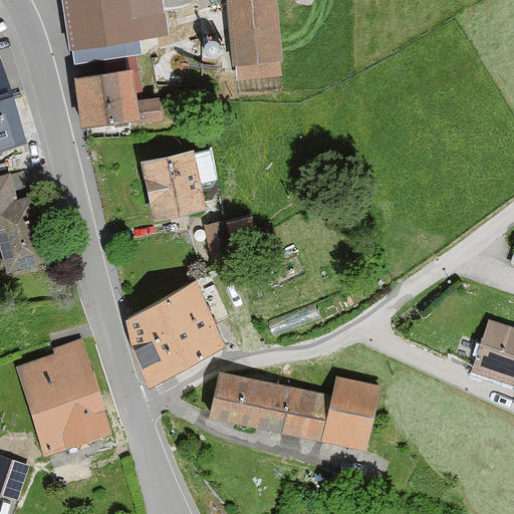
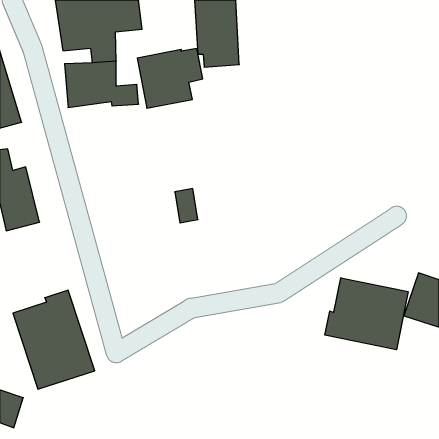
building: [141,150,217,219] -> [137,49,203,108]
building: [125,282,224,383] -> none
building: none -> [325,278,408,350]
building: [210,375,378,448] -> none

